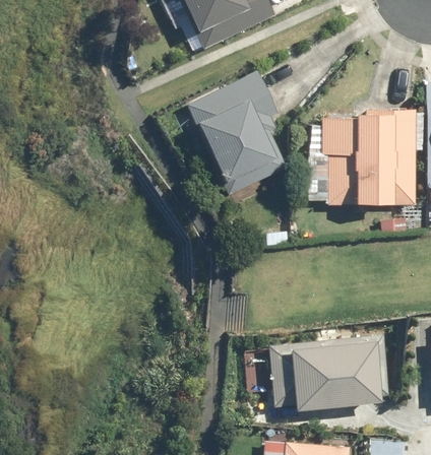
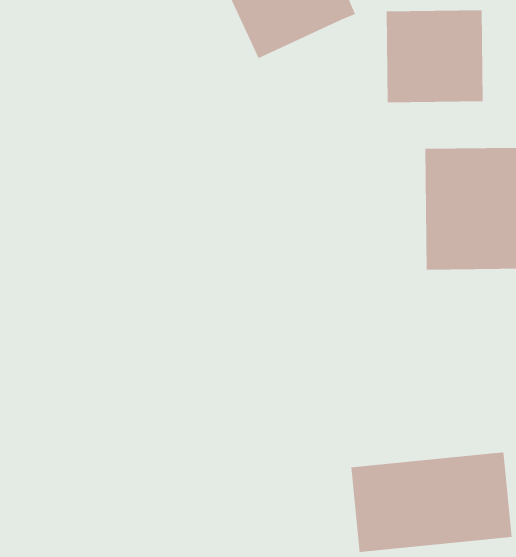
building: none -> [386,10,483,103]
building: [186,71,281,192] -> none

